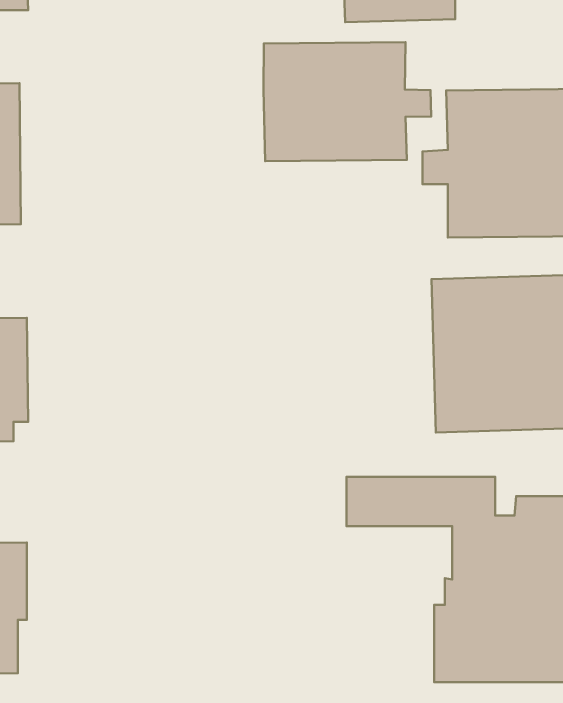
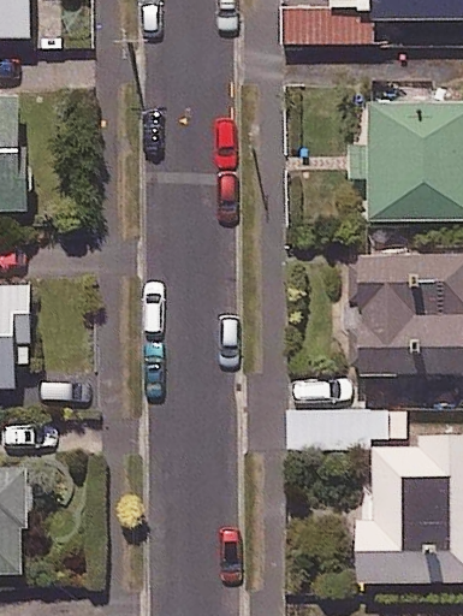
building: [263,42,431,161] -> none

